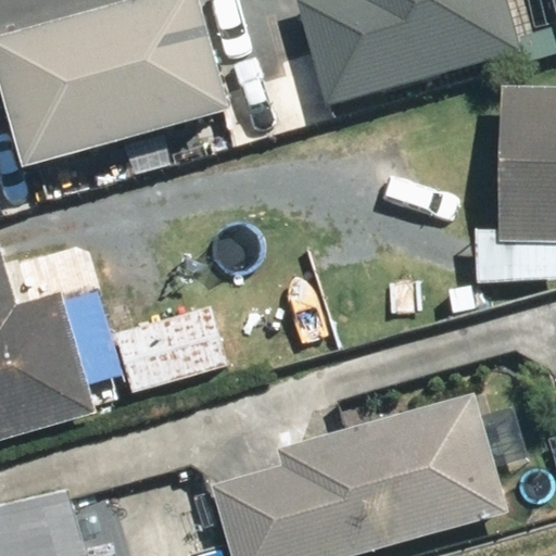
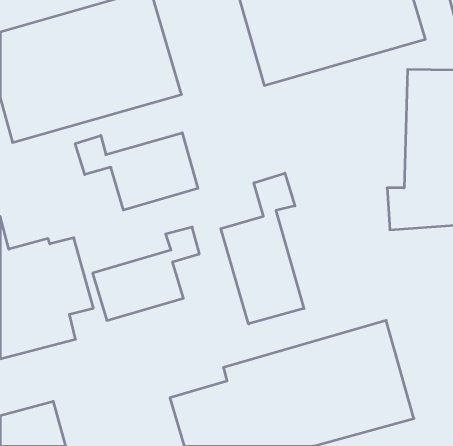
building: none -> [75,133,198,210]
building: none -> [221,173,304,324]

